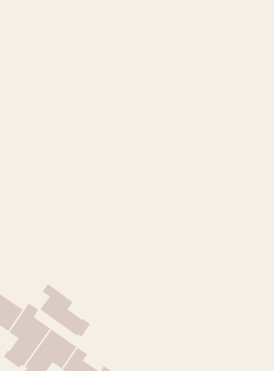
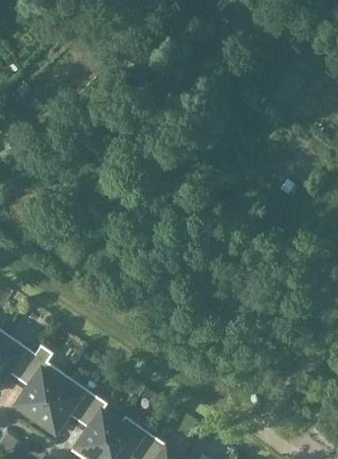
building: [39,283,91,337] -> none

